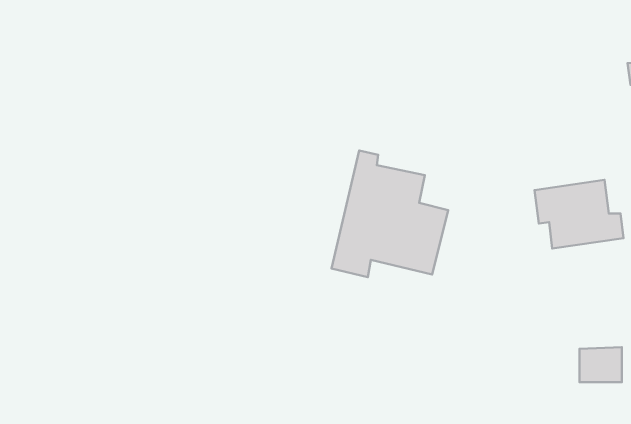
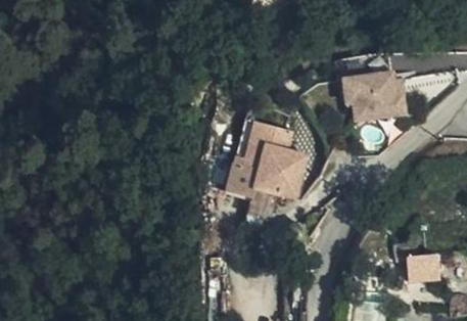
building: [535,180,623,248] -> [340,70,403,118]

